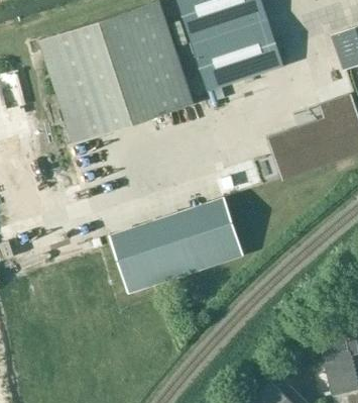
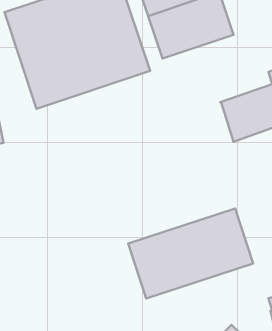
building: [109,197,242,293] -> [128,209,253,298]

